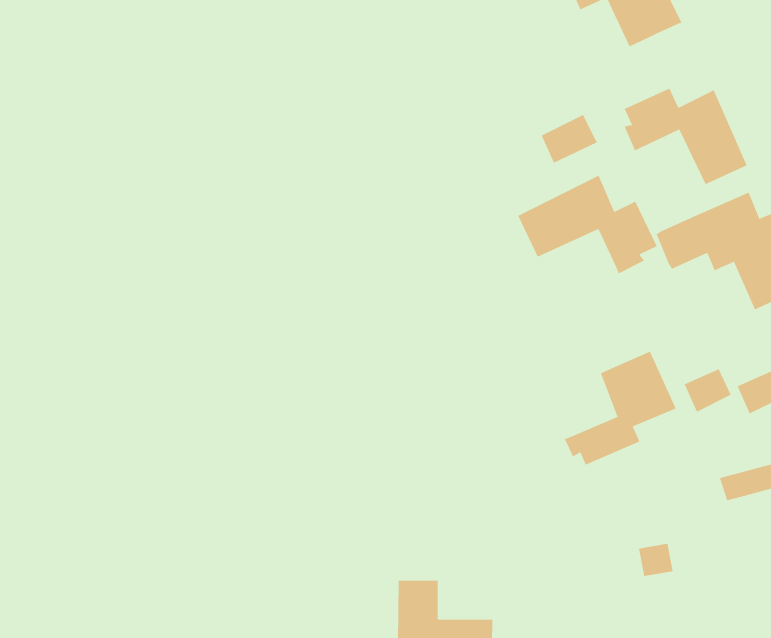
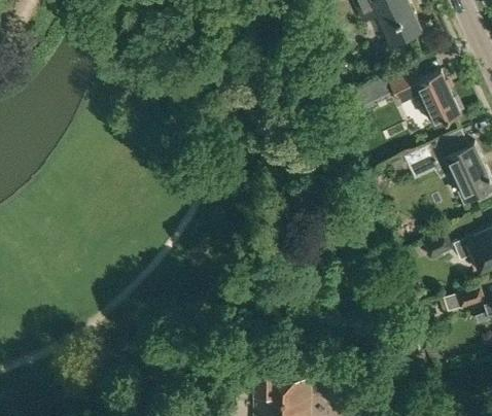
building: [517,175,657,274] -> none
building: [564,351,676,466] -> none

